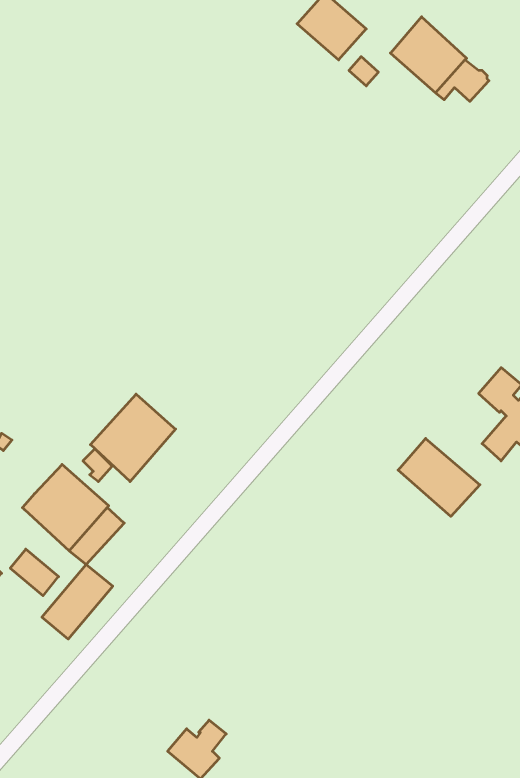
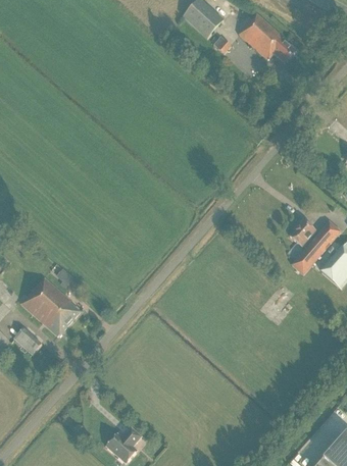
building: [90,394,176,482] -> none
building: [398,438,480,516] -> none
building: [42,565,113,639] -> none

